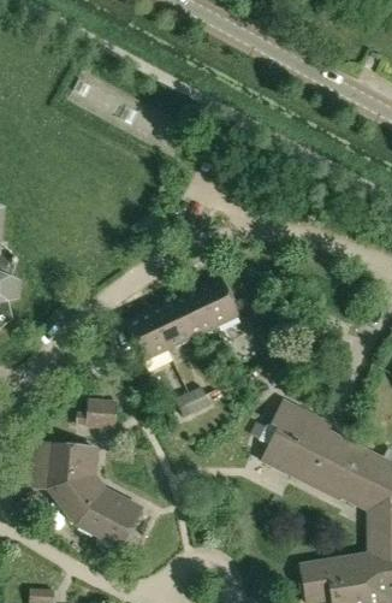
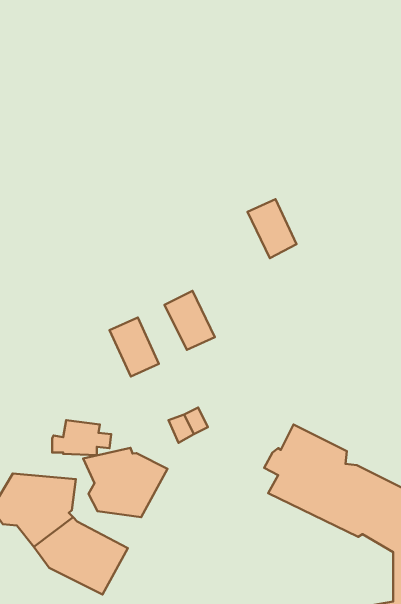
building: [196,276,238,326] -> [247,199,297,258]
building: [149,298,191,349] -> none
building: none -> [83,448,168,517]

